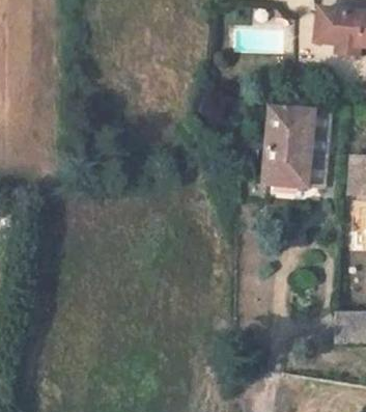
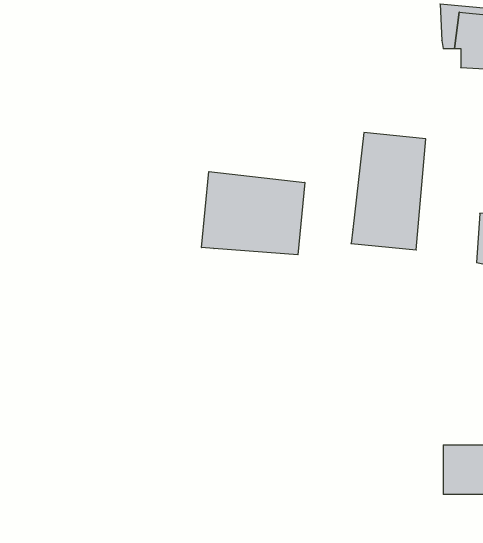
building: none -> [202,172,305,255]

